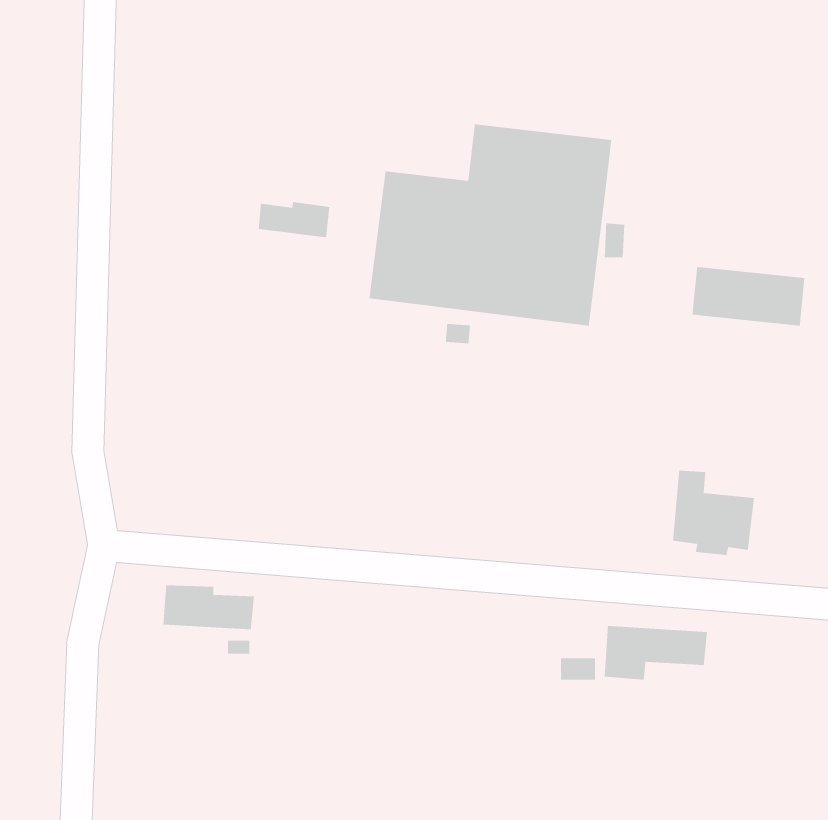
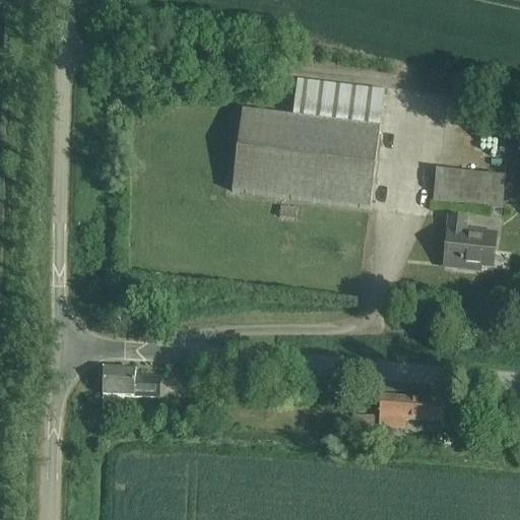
building: [258,201,330,238] -> none
building: [672,470,755,556] -> [444,213,496,267]

